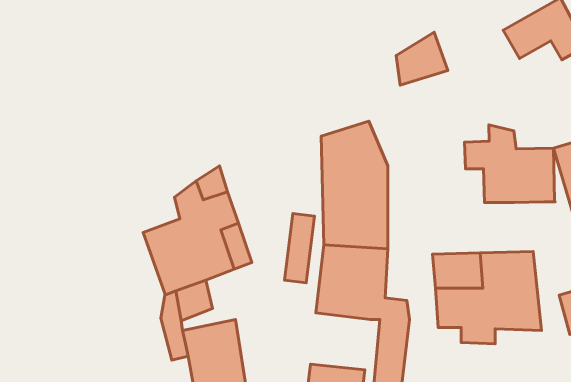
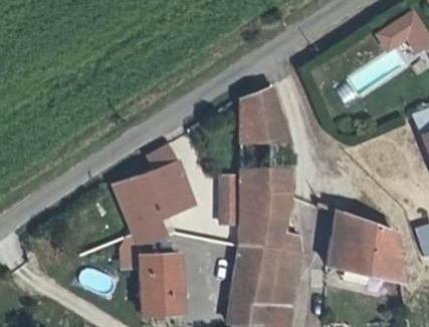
building: [396,32,448,85] -> [240,78,278,117]
building: [465,125,555,203] -> none
building: none -> [235,248,279,290]

